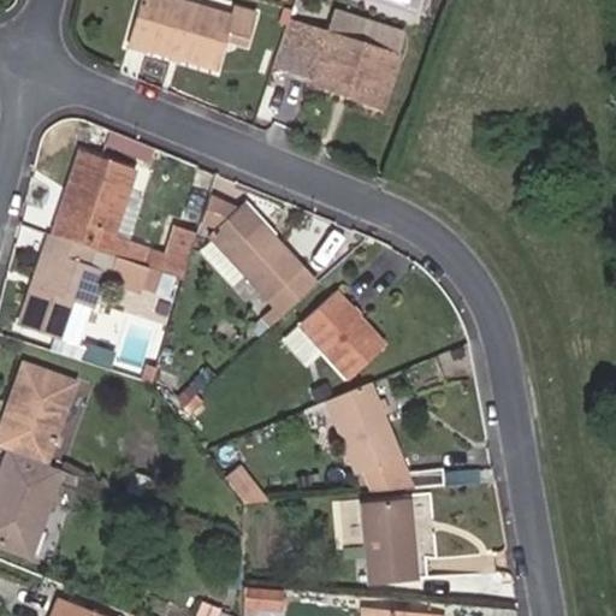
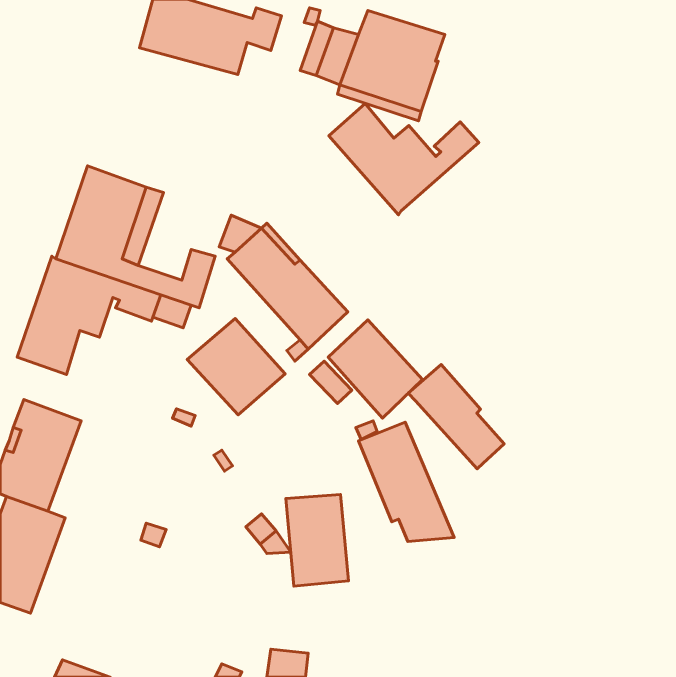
building: none -> [329,103,479,215]
building: none -> [187,318,285,415]
building: none -> [408,365,504,469]
building: [361,499,417,582] -> [286,495,348,586]

